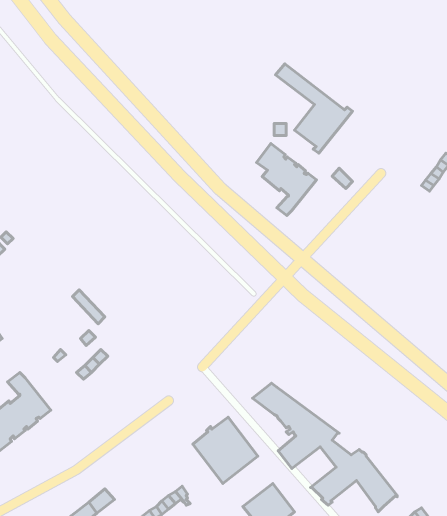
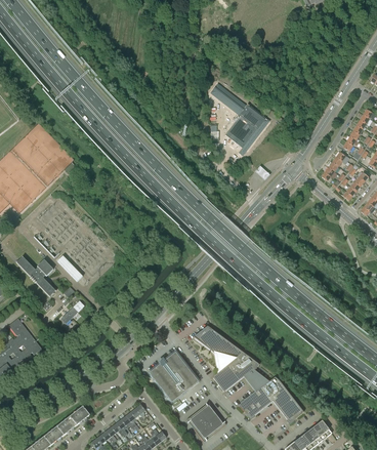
building: [257,143,316,216] -> none
building: none -> [15,256,55,296]

